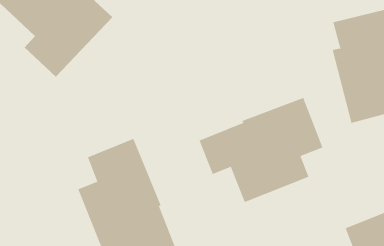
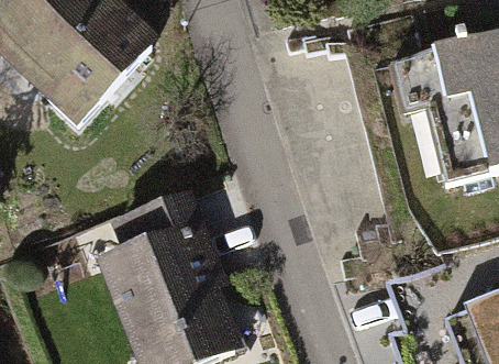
building: [199,97,323,203] -> none

